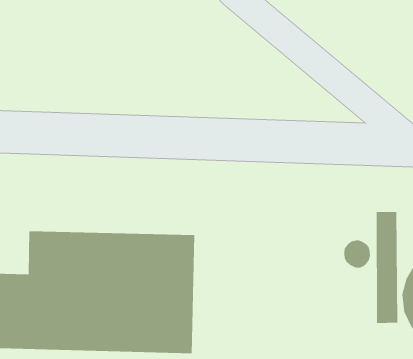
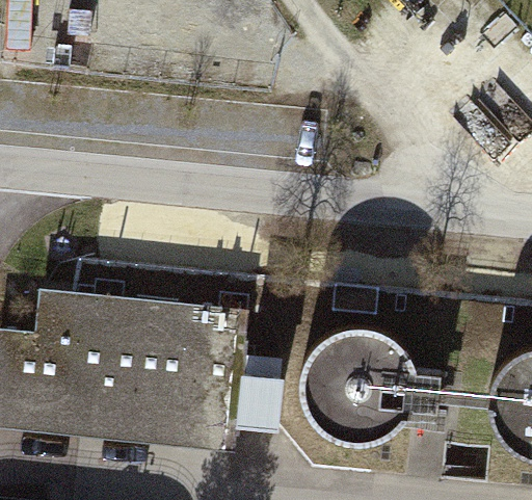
building: none -> [291,321,441,443]

